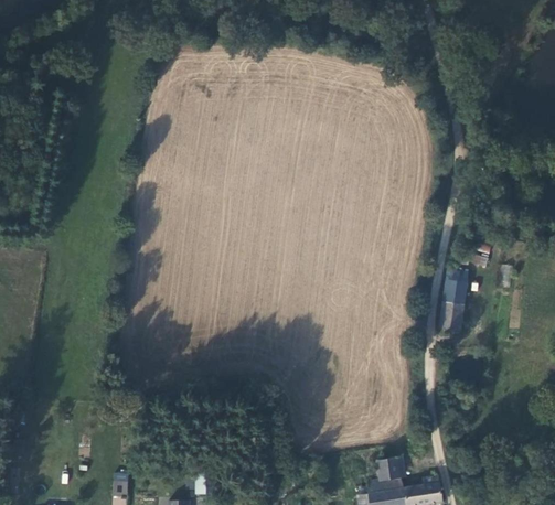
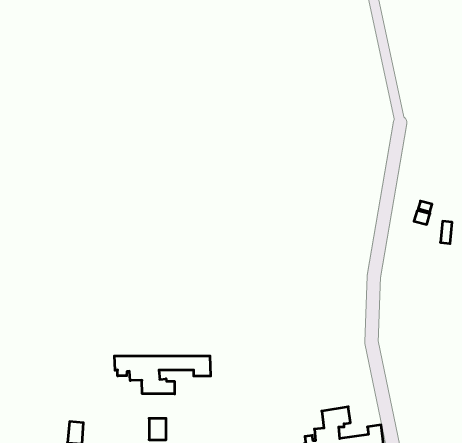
building: [440,270,468,332] -> none
building: none -> [114,356,211,394]

